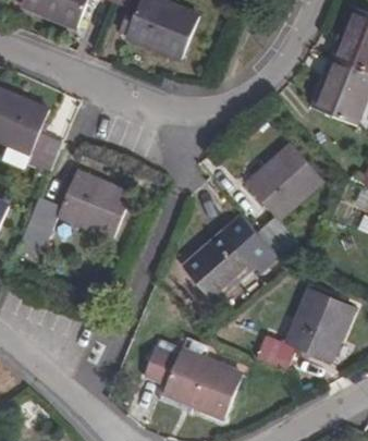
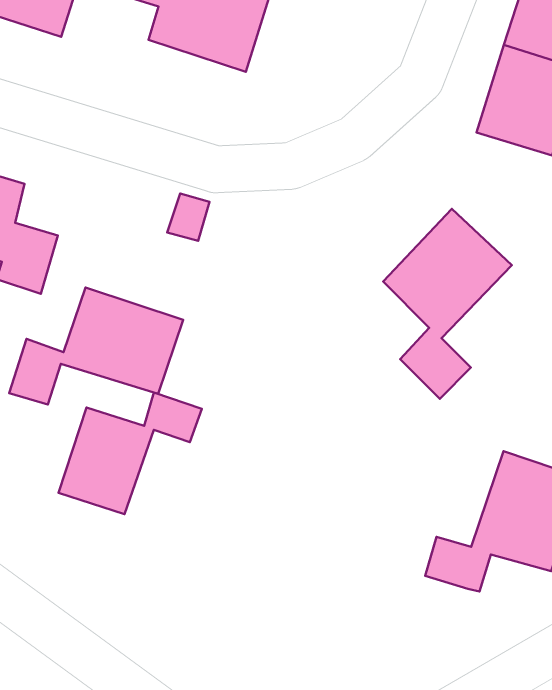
building: [184,231,274,301] -> none
building: none -> [58,393,202,514]
building: [138,345,225,411] -> none

